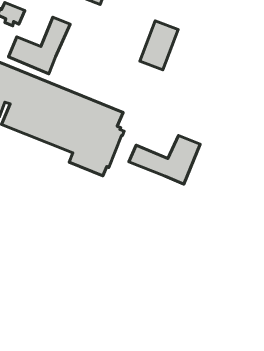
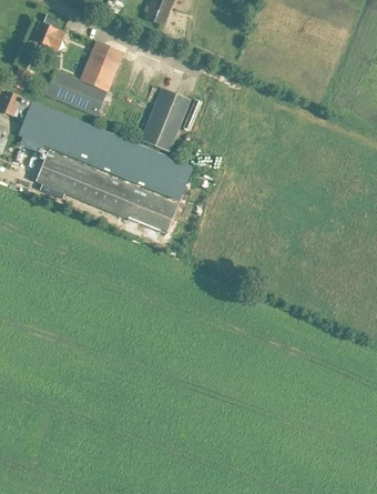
building: [140,21,178,70] -> [140,89,190,152]
building: [129,135,200,184] -> none

